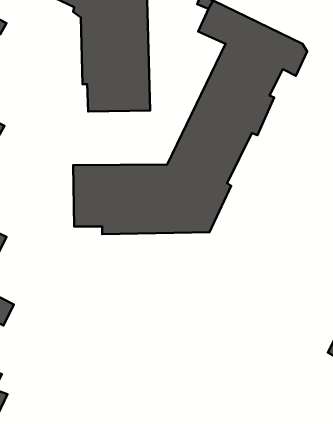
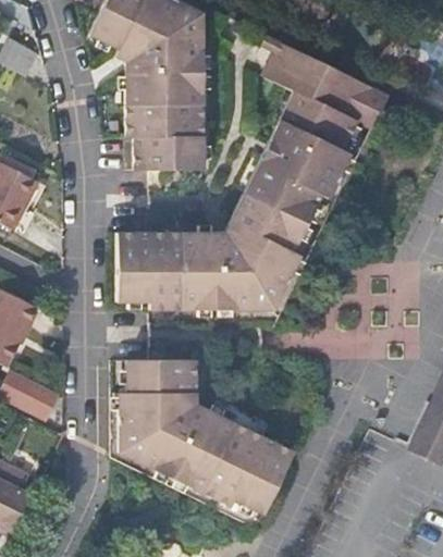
building: none -> [121,359,295,511]

